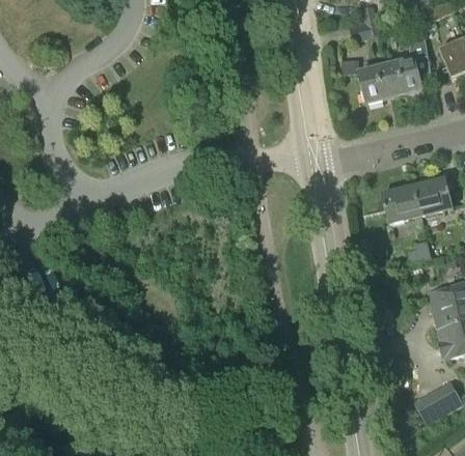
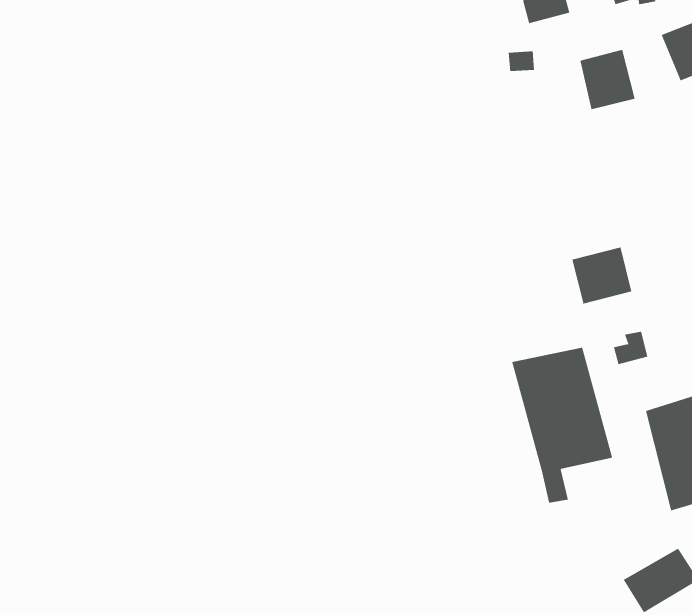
building: [359,63,393,102] -> none
building: [413,176,454,213] -> none
building: none -> [512,347,613,503]

